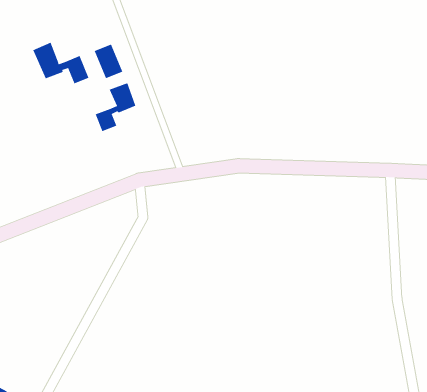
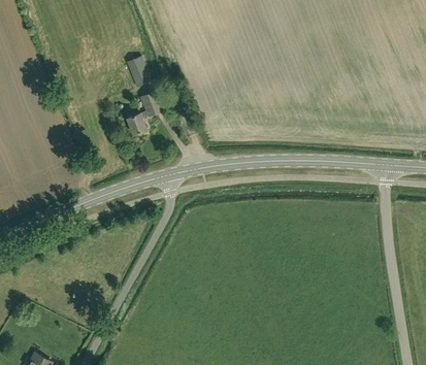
building: [33,42,89,84] -> none

